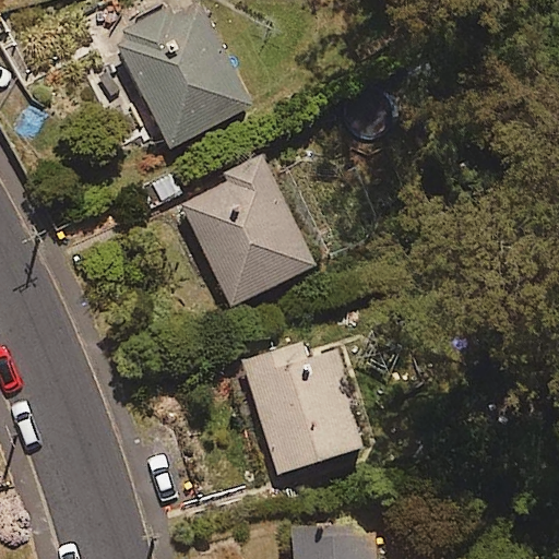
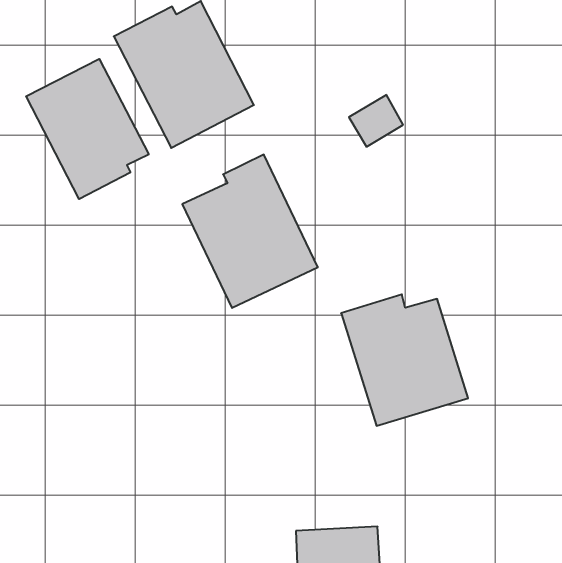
building: none -> [26,59,149,199]
building: [241,343,367,473] -> [341,294,468,426]

